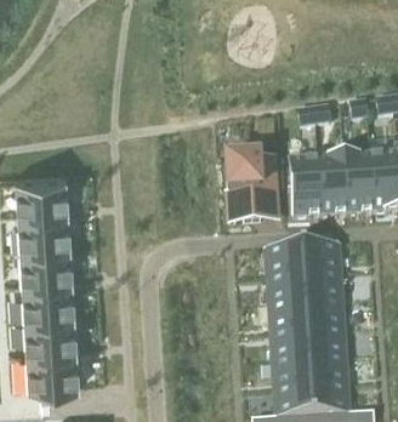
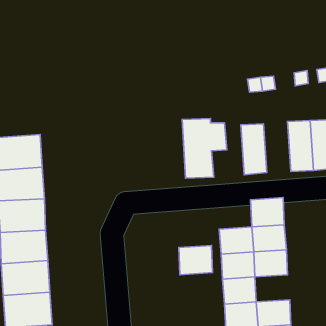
building: [317,155,347,212] -> none
building: [266,243,303,275] -> [179,245,212,275]
building: [307,326,346,357] -> none

